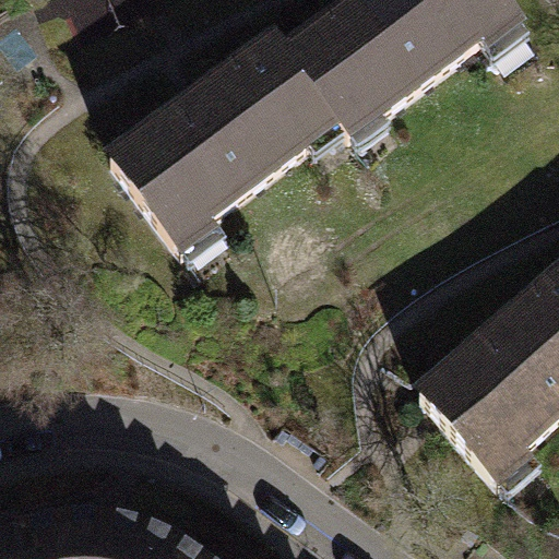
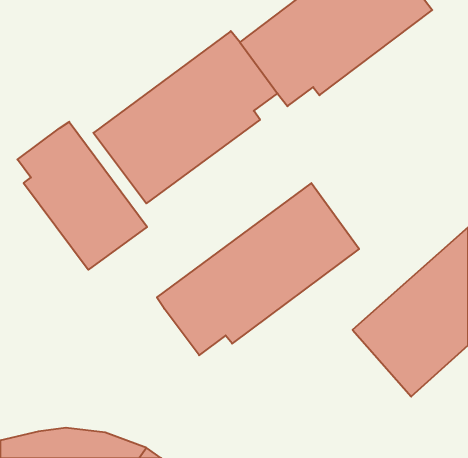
building: none -> [17,122,147,270]
building: none -> [157,183,359,355]

